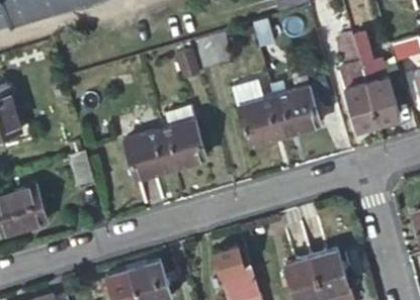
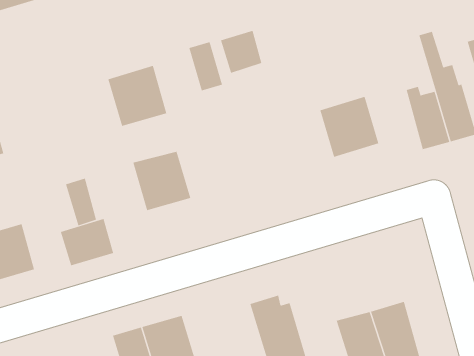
building: [231,81,282,143] -> none
building: [158,118,205,167] -> [108,65,167,126]
building: none -> [60,218,114,266]

